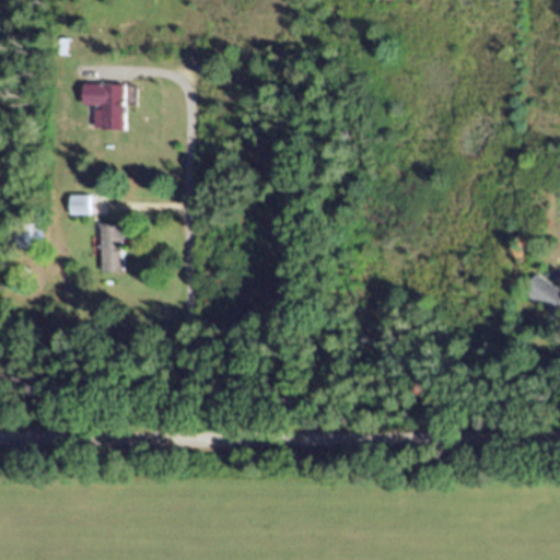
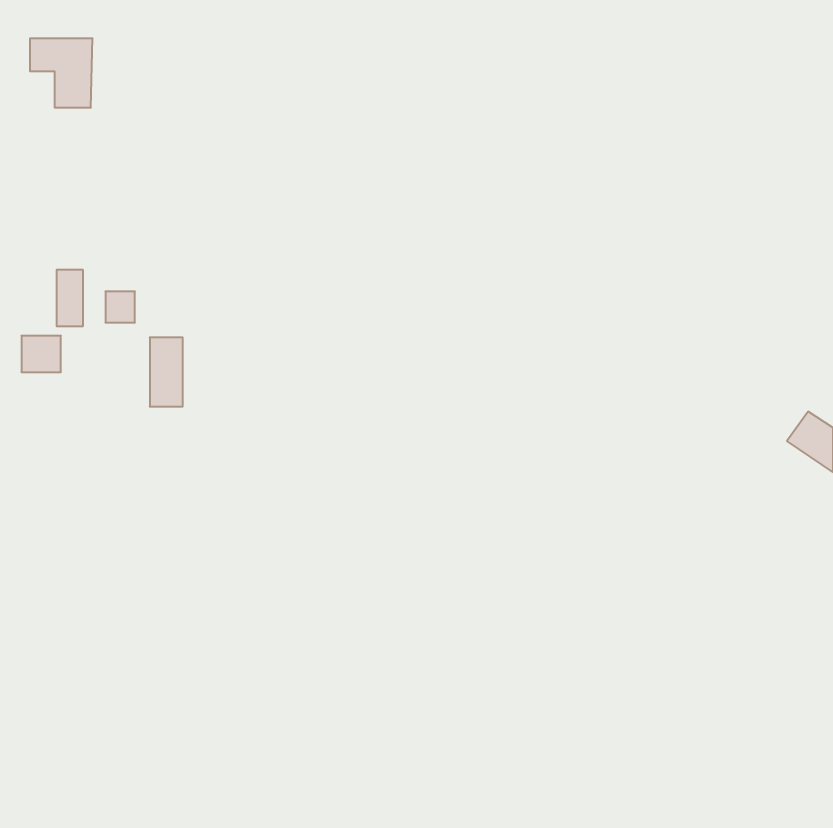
building: [84,83,126,129] -> [30,38,93,108]
building: none -> [57,270,83,326]

